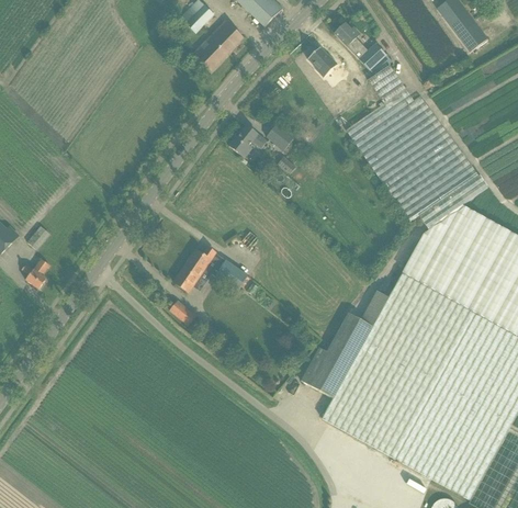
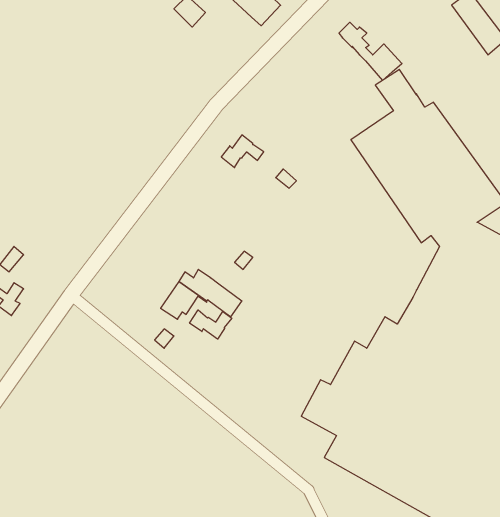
building: [194,21,245,71] -> none
building: [308,47,338,77] -> none
building: [267,125,296,153] -> none
building: none -> [190,310,232,339]

